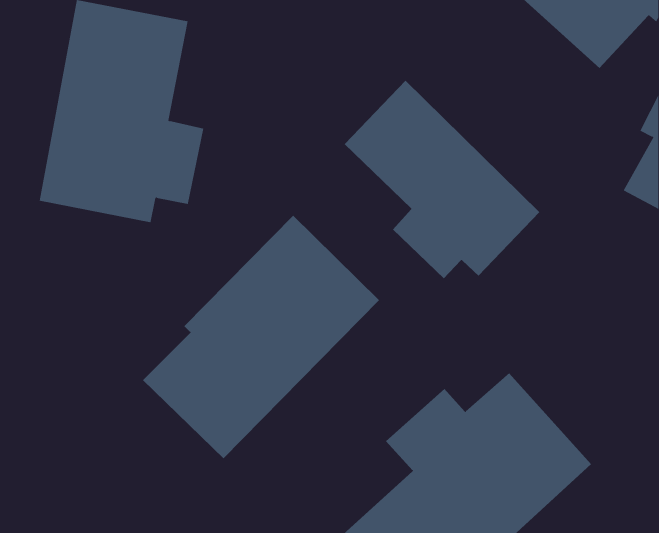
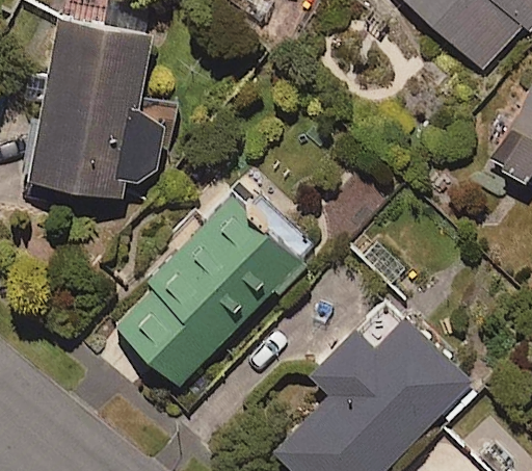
building: [344,80,540,279] -> none

